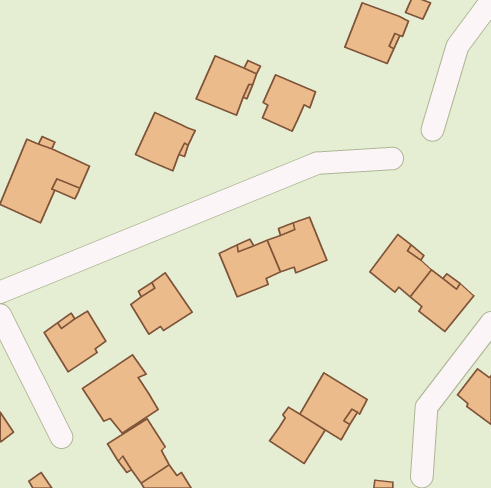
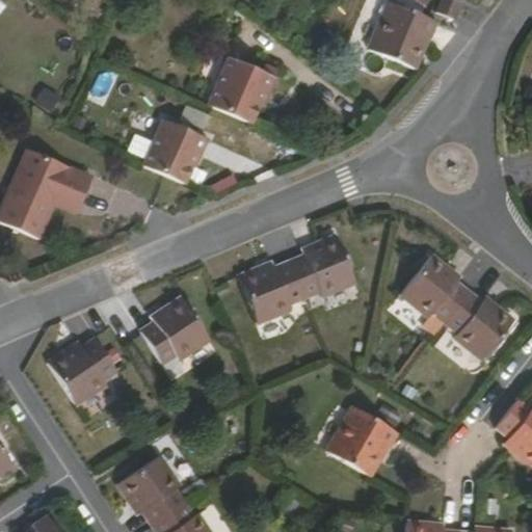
building: [263,75,315,131] -> none
building: [82,355,158,433] -> none
building: [270,407,325,464] -> none

